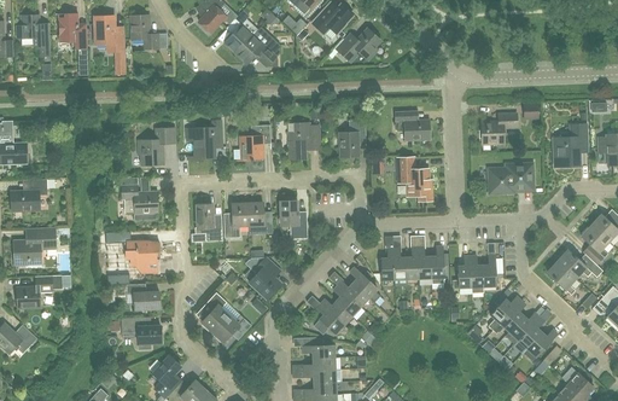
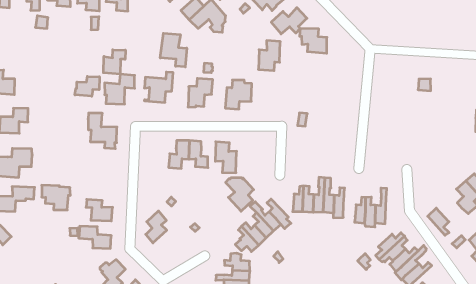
building: none -> [160,33,187,67]
building: none -> [103,50,125,74]
building: [395,110,430,139] -> [300,29,327,53]
building: [482,112,518,144] -> none
building: [339,120,366,156] -> [258,41,280,71]
building: [554,123,588,165] -> none
building: none -> [75,76,99,96]
building: [397,157,432,200] -> none
building: [489,163,534,192] -> none
building: [196,204,223,240] -> none
building: [124,242,161,272] -> [42,185,70,210]
building: [558,250,602,277] -> none
building: [245,256,280,297] -> [226,178,254,211]
building: [212,314,252,341] -> none

